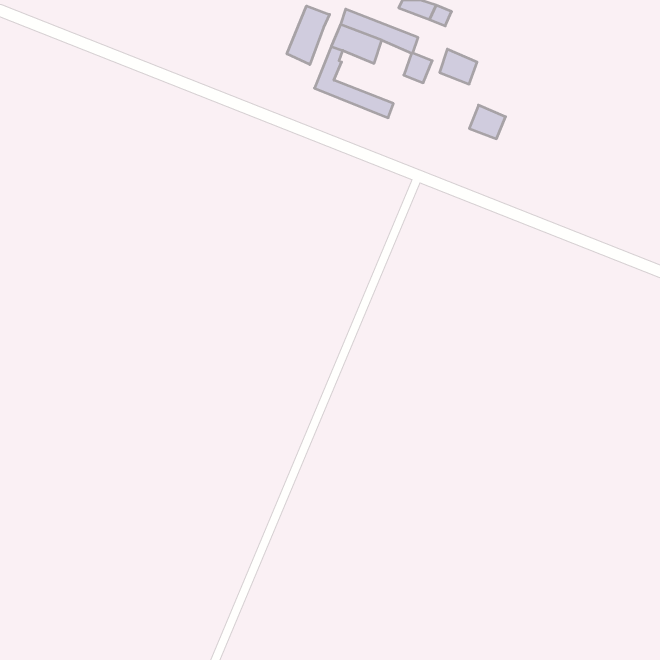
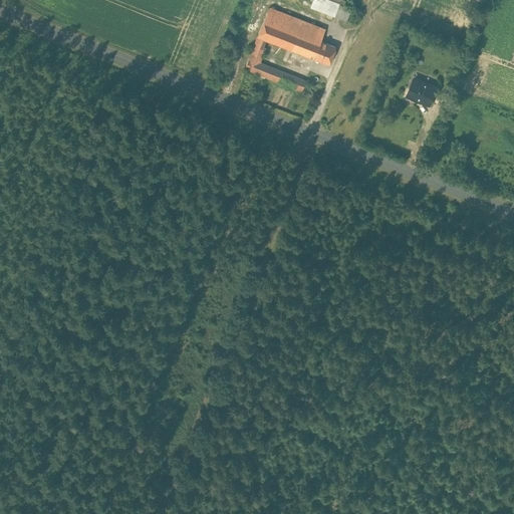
building: [287,6,330,65] -> none
building: [440,49,477,84] -> [291,32,320,59]
building: [469,105,506,139] -> [409,78,437,104]

